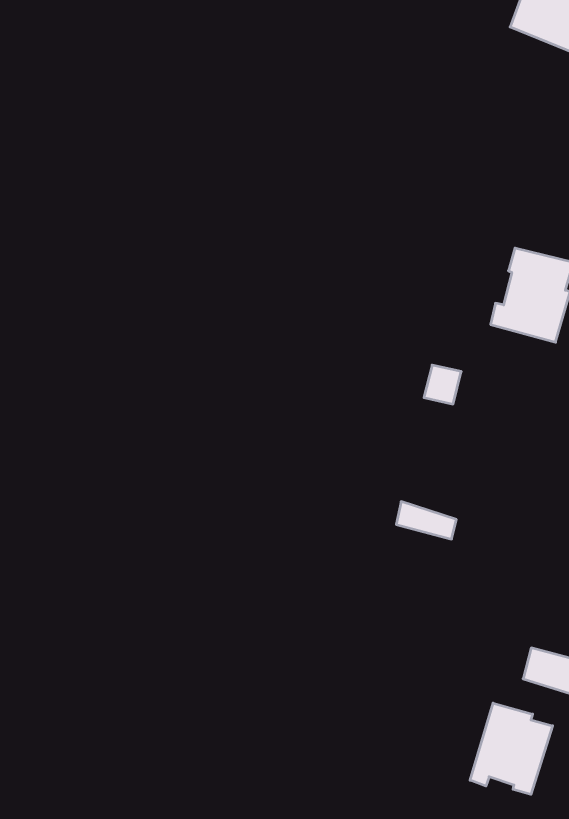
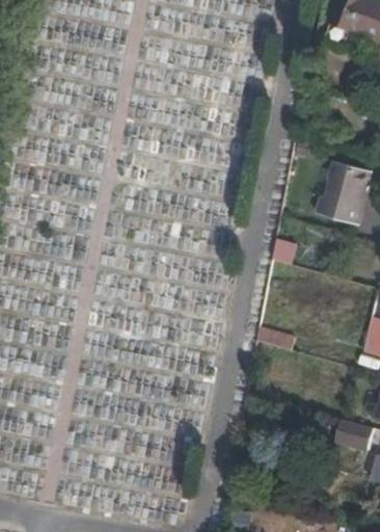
building: [470,703,553,794] -> none

